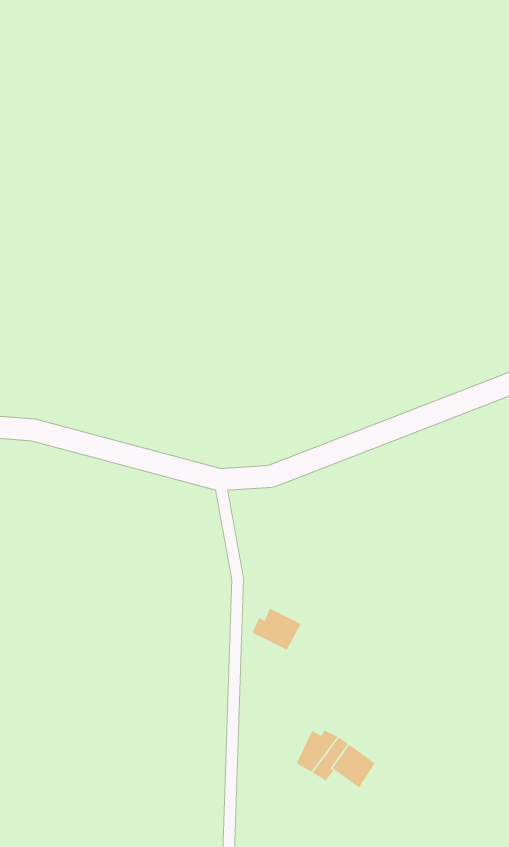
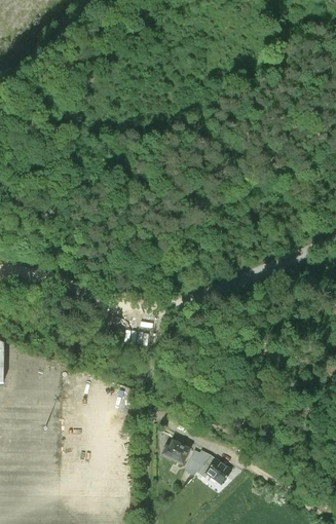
building: [252,608,301,650] -> [161,438,190,462]

